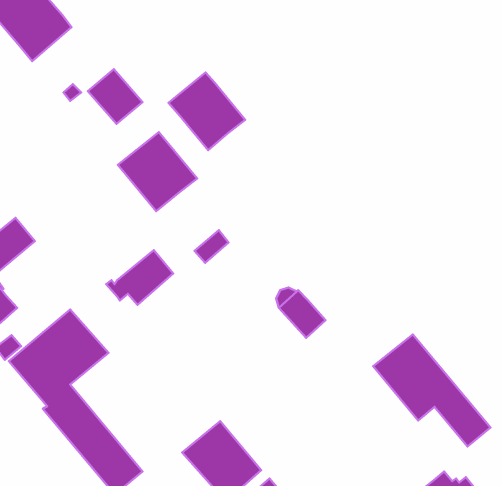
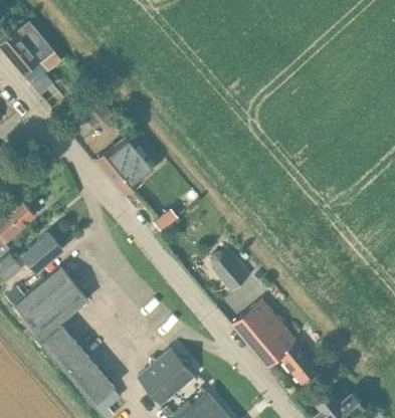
building: [169,73,245,150] -> none
building: [106,250,173,305] -> [13,232,62,272]
building: [373,335,491,446] -> [232,301,319,384]

